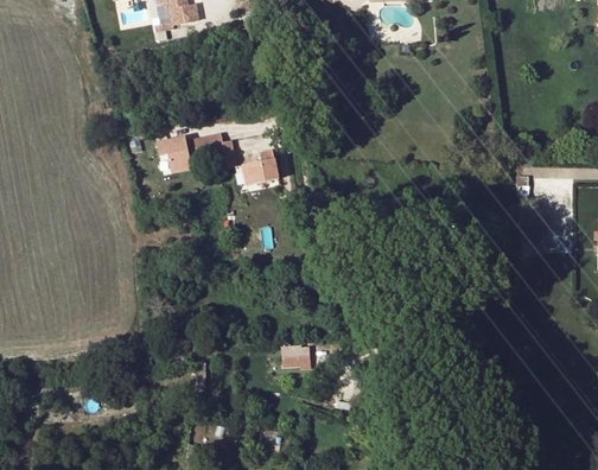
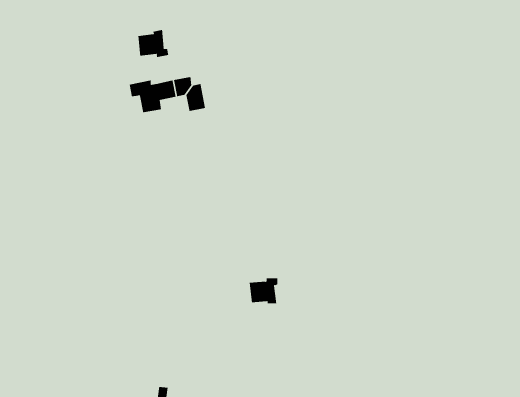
building: none -> [138,29,169,58]
building: [242,150,278,182] -> none

